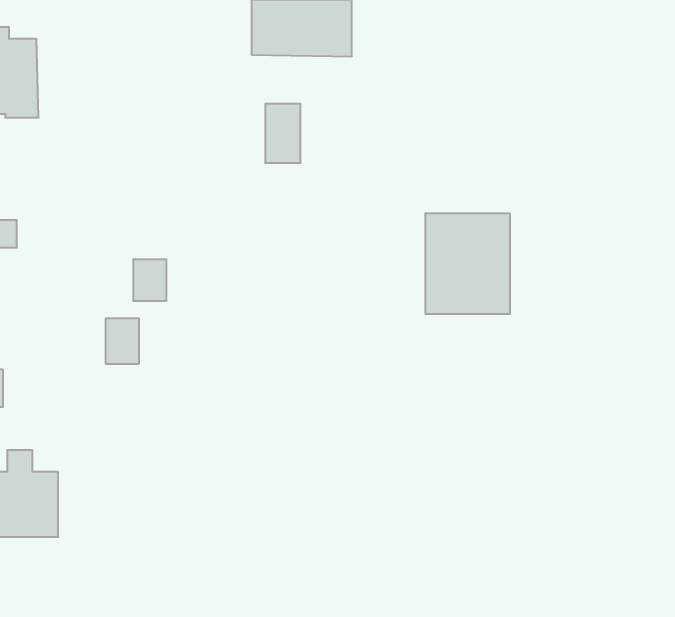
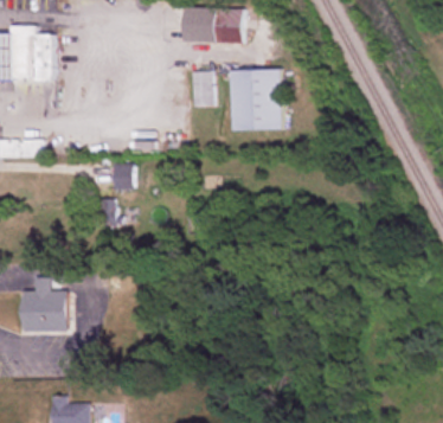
building: [425,213,510,314] -> [230,70,281,130]

